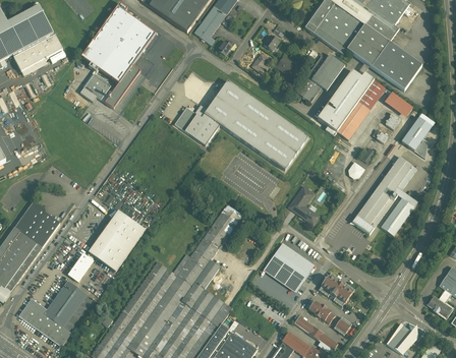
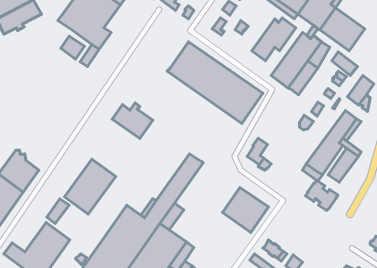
building: [175,105,220,144] -> [112,103,153,139]
building: [319,272,354,305] -> [306,180,338,211]

